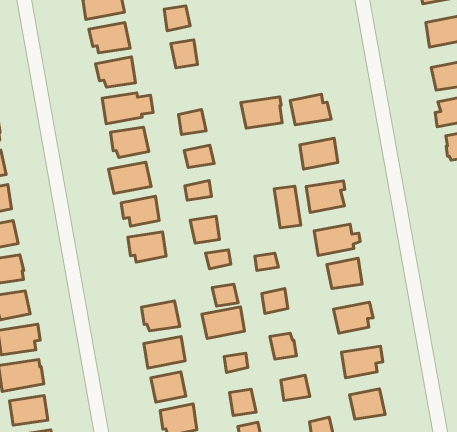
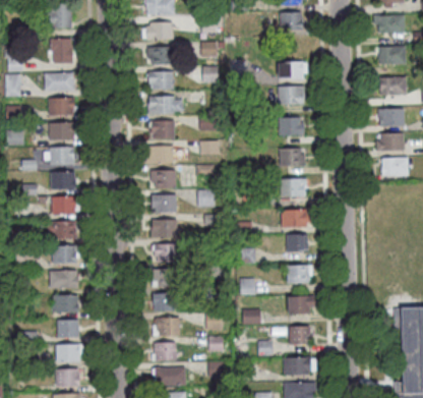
building: none -> [277,62,307,80]
building: [241,97,282,128] -> [277,87,304,105]
building: [274,186,301,228] -> none
building: [202,307,244,338] -> [149,220,177,238]

